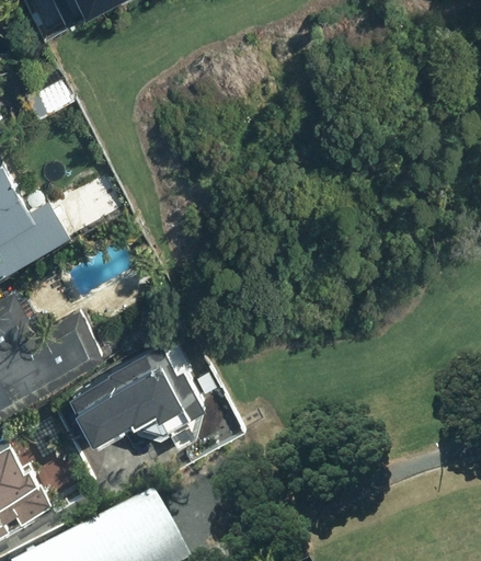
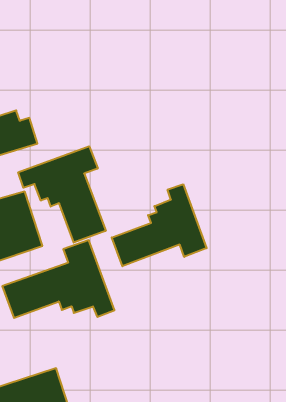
building: none -> [18,146,106,243]
building: none -> [112,184,207,266]

